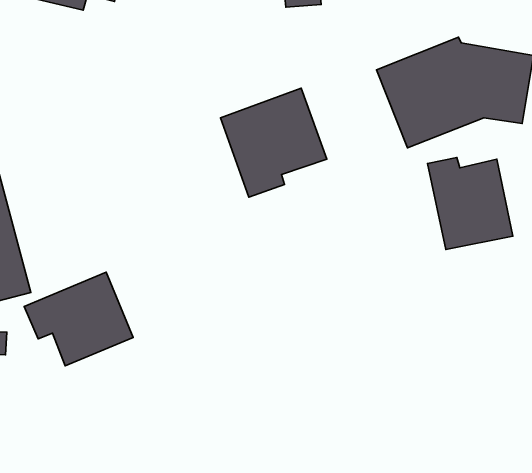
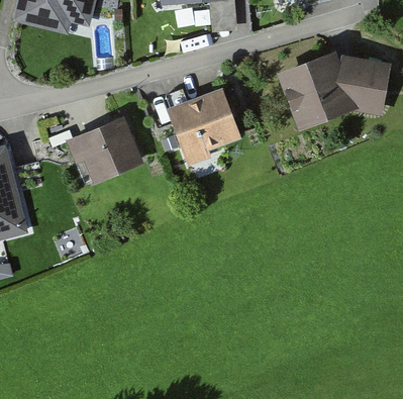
building: [428,157,513,250] -> none
building: [24,272,133,366] -> [65,116,142,183]

